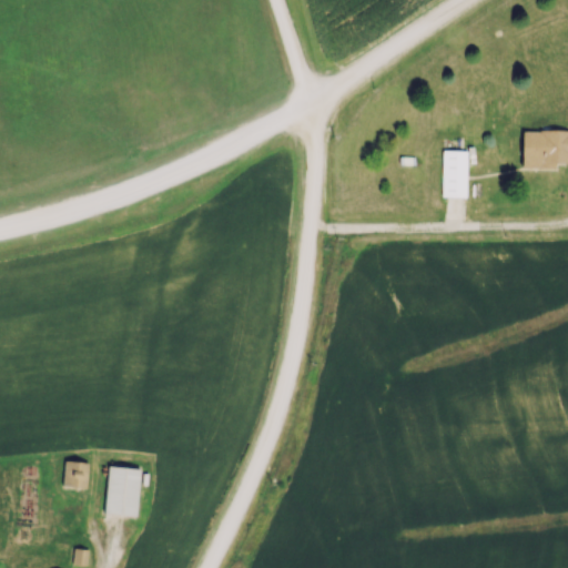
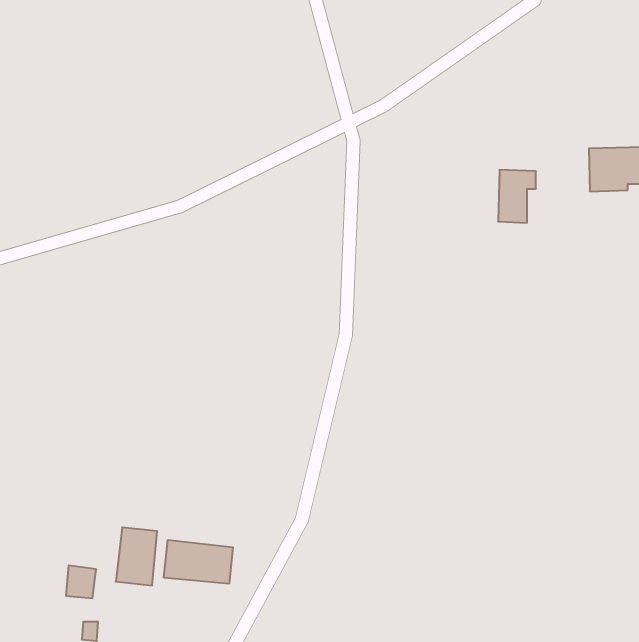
building: [64,460,91,489] -> [66,565,96,598]
building: none -> [164,540,233,584]

